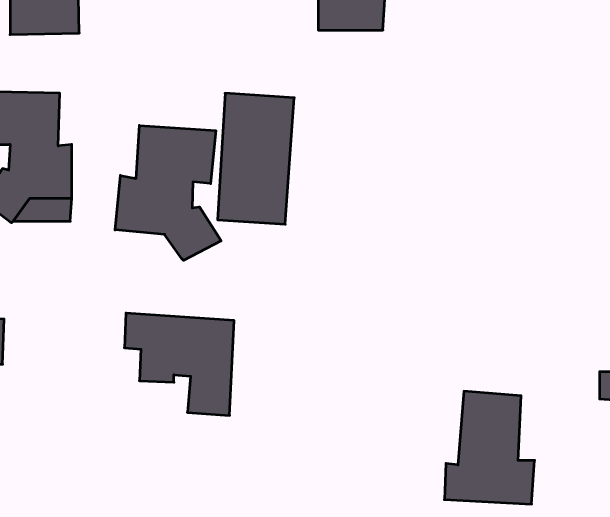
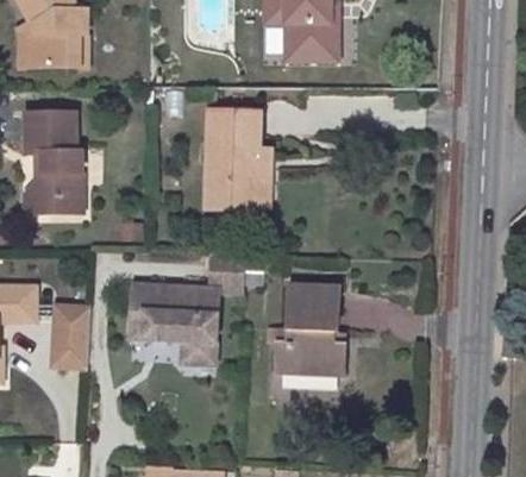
building: [115,125,221,260] -> none
building: none -> [44,297,84,364]
building: [444,391,535,504] -> [273,284,344,374]

